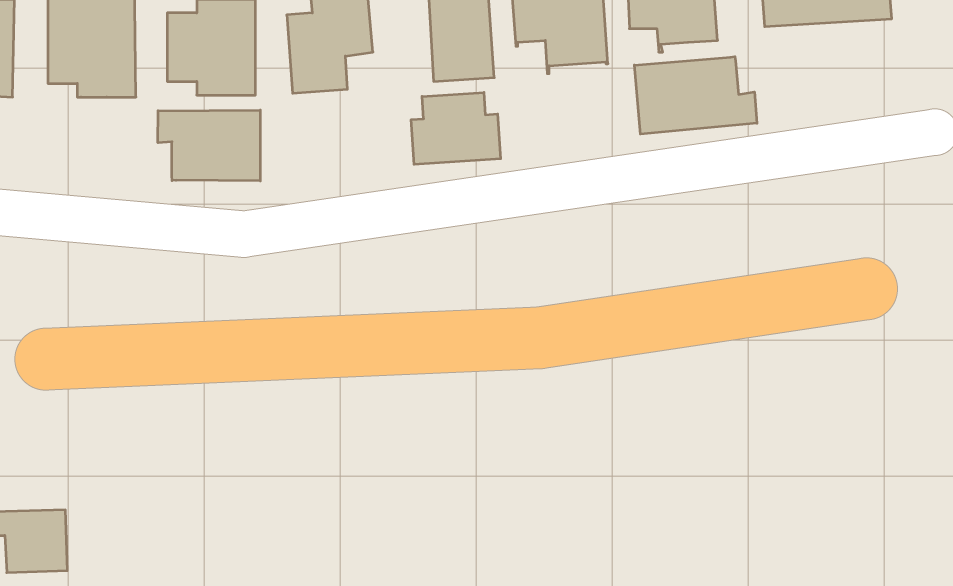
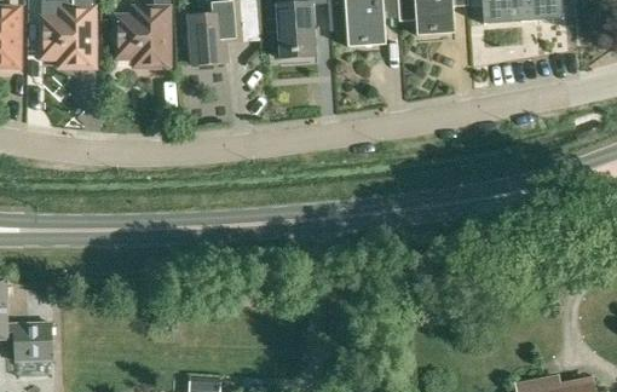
building: [634,57,757,134] -> none
building: [411,92,501,164] -> none
building: [158,110,260,181] -> none

